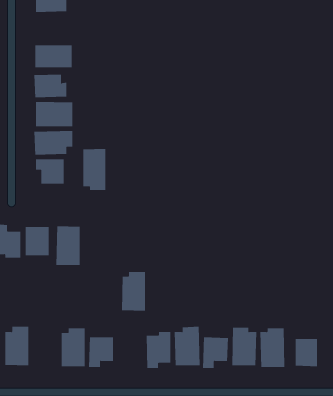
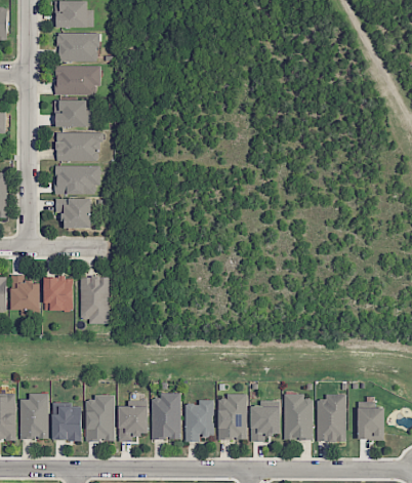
building: none -> [56,32,98,62]
building: [83,148,106,191] -> none
building: [121,272,146,311] -> [152,393,180,439]
building: none -> [52,402,82,440]

